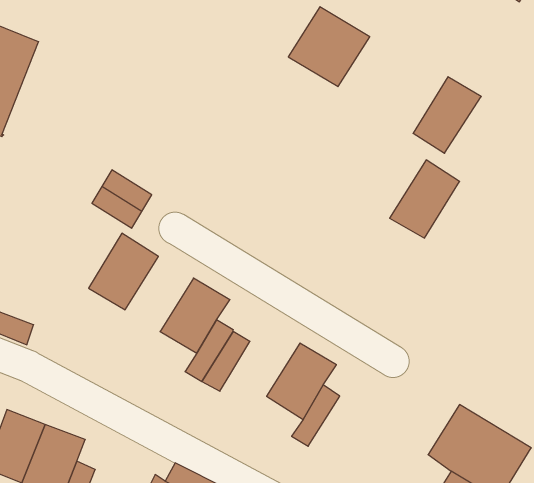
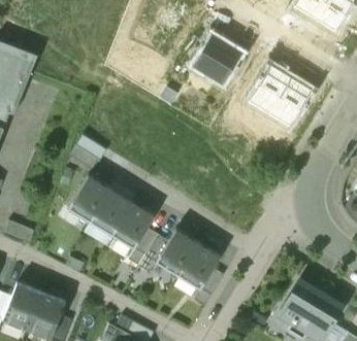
building: [390,160,460,238] -> [247,64,290,112]
building: none -> [90,189,132,235]
building: none -> [155,229,198,275]

